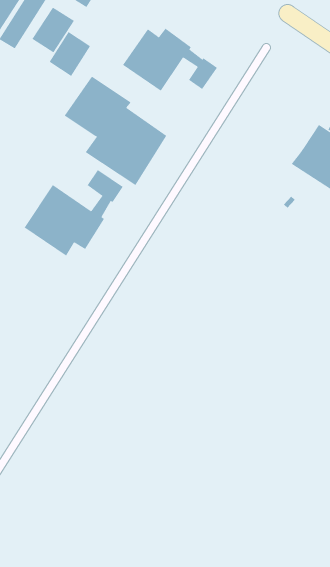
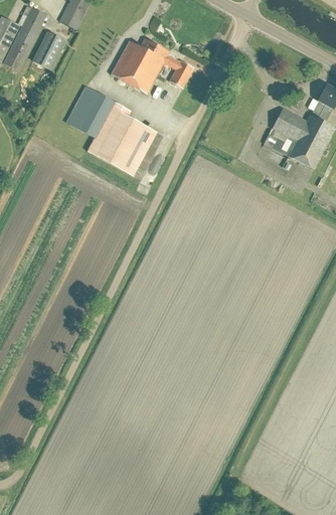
building: [49,31,91,77] -> none
building: [24,169,124,256] -> none

